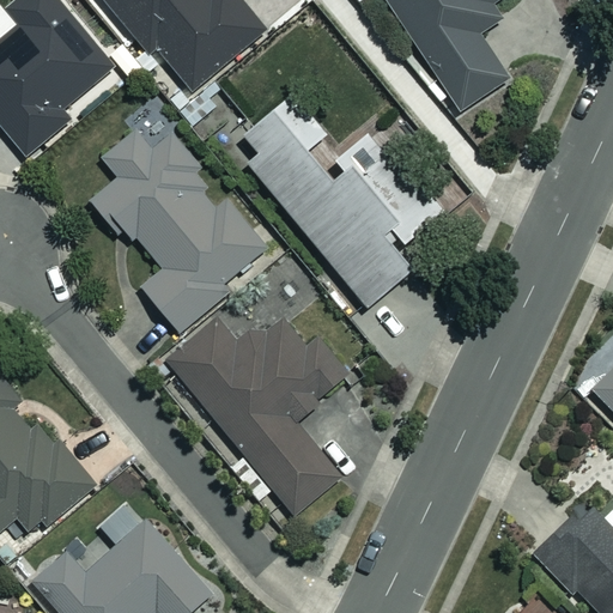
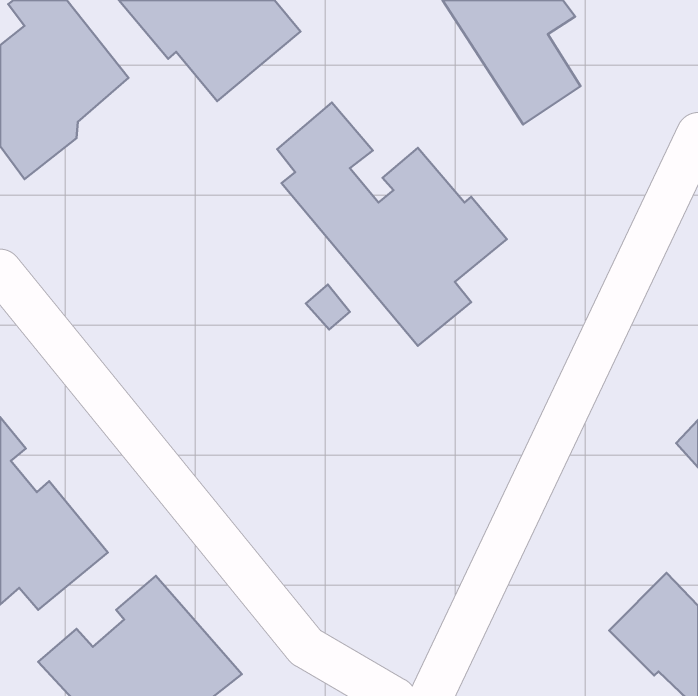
building: [92,116,266,332] -> none
building: [168,314,347,515] -> none

